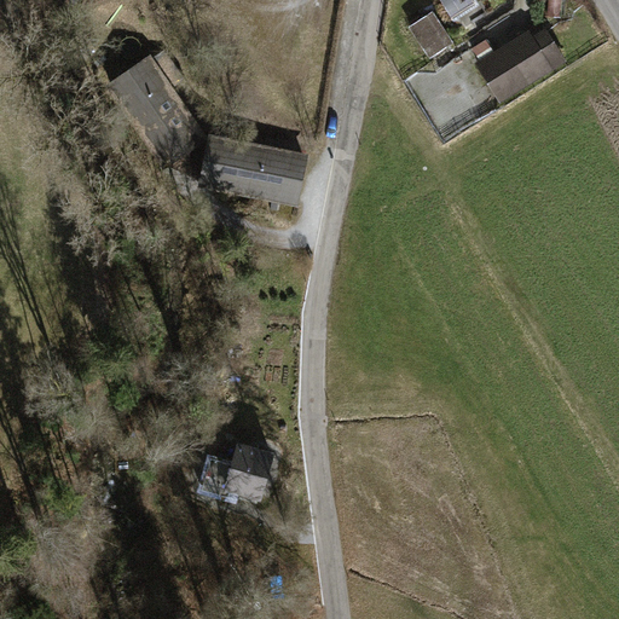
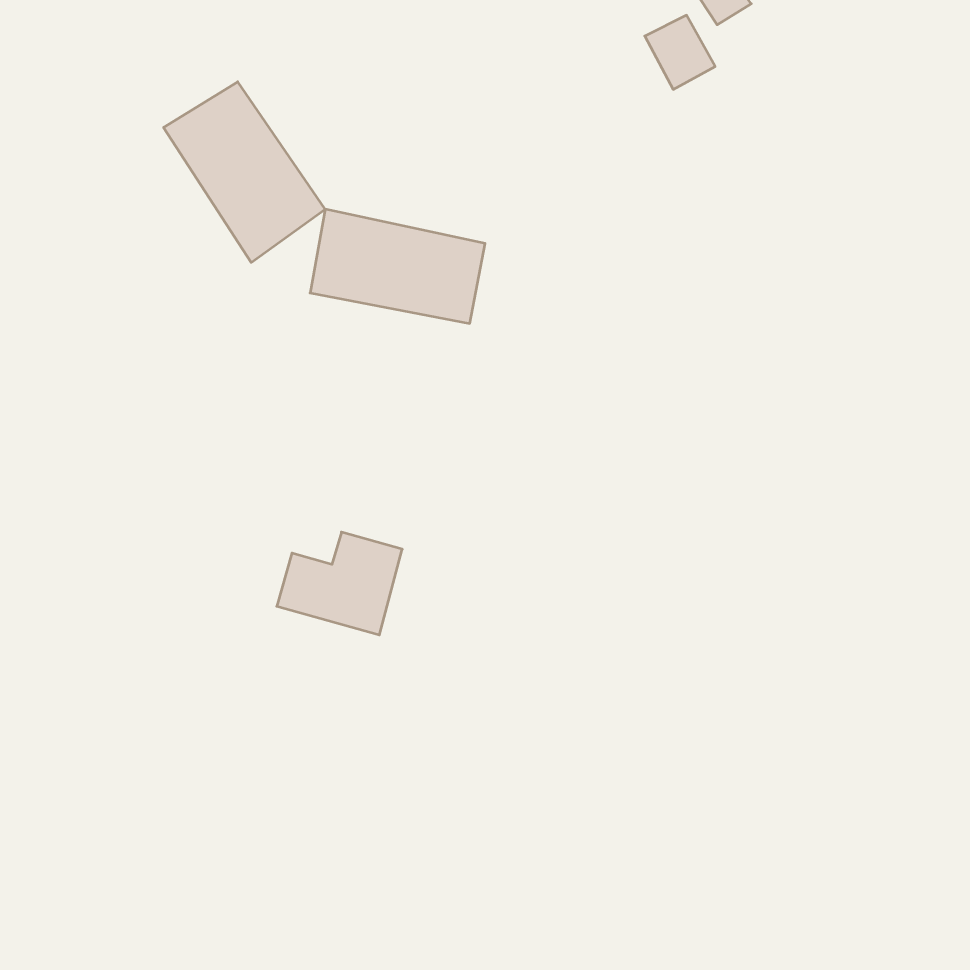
building: [476,25,567,102] -> none
building: [196,441,276,507] -> [277,532,402,635]

